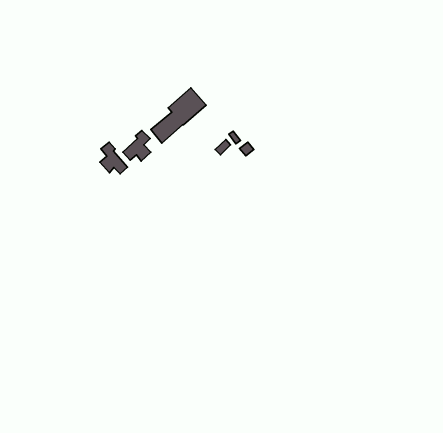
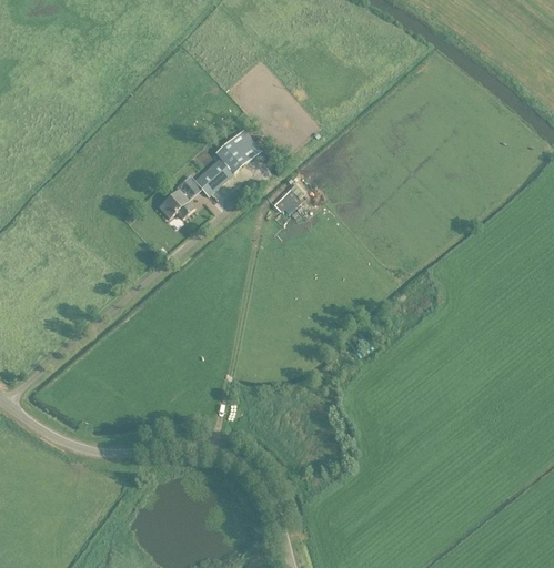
building: [100,142,127,174] -> none

